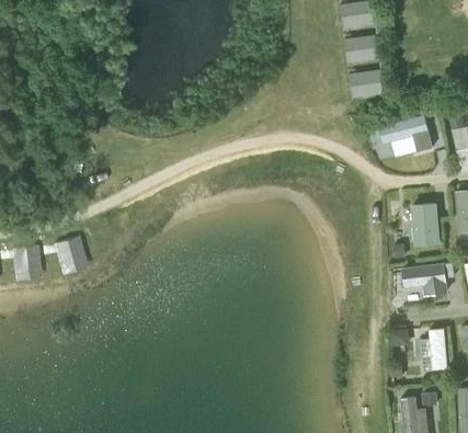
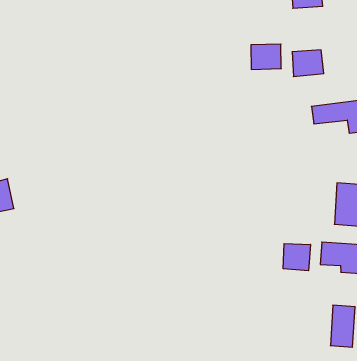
building: [346,34,380,64] -> [251,44,281,69]
building: none -> [283,244,310,271]

